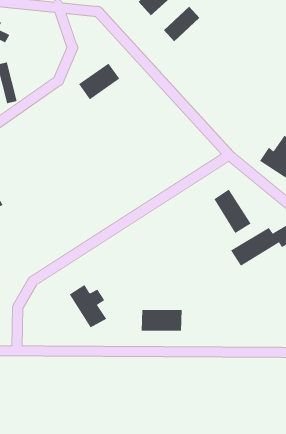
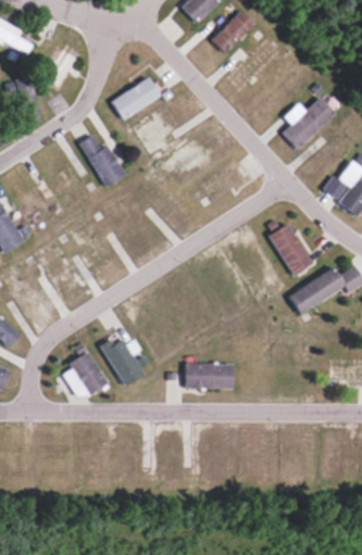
building: none -> [282,97,335,150]
building: none -> [78,135,125,187]
building: none -> [63,352,108,396]

